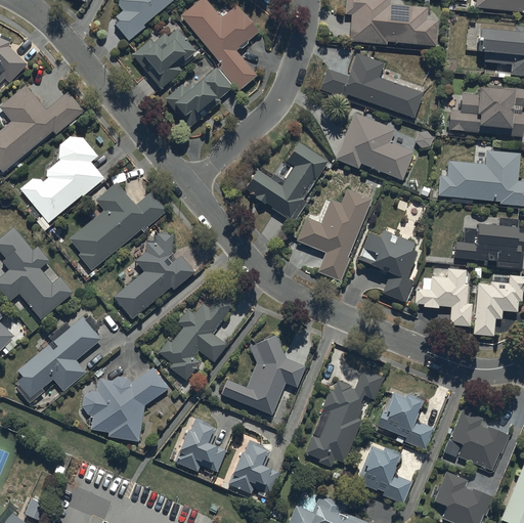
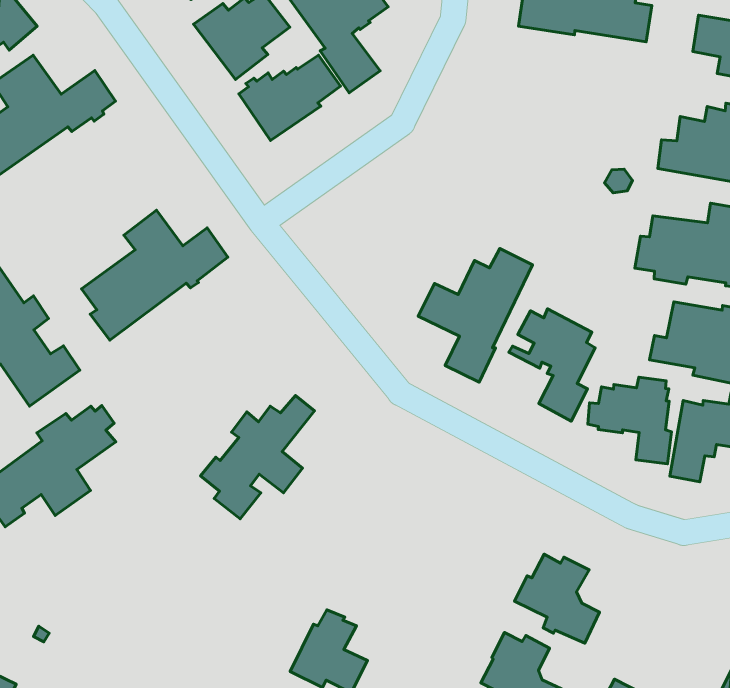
building: [319,53,422,117] -> none
building: [335,113,412,180] -> none
building: [19,136,103,229] -> none
building: [244,141,326,222] -> none
building: [113,233,194,319] -> none
building: [221,336,304,415] -> none
building: [305,368,382,467] -> none
building: [83,369,169,443] -> none
building: [443,409,508,470] -> none
building: [174,418,225,472] -> none

